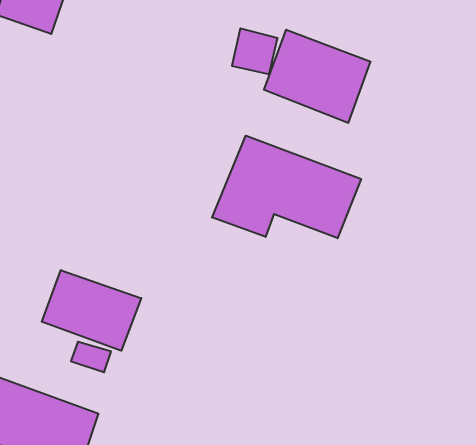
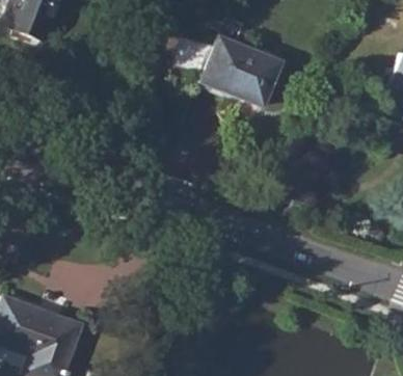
building: [212,136,361,238] -> none
building: [42,270,141,351] -> none

